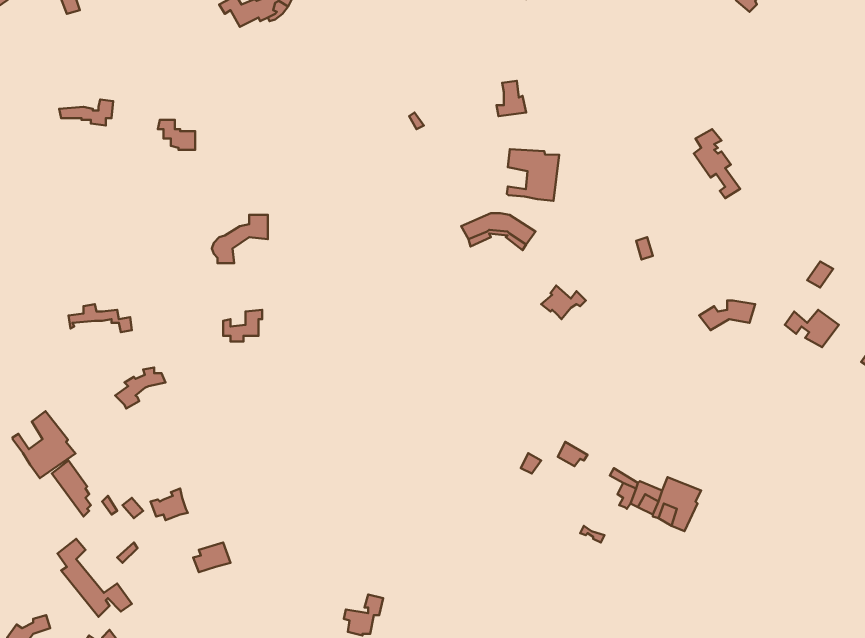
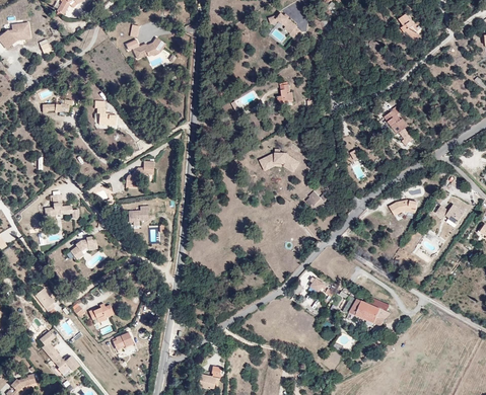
building: [507,149,559,201] -> none
building: [12,411,76,478] -> none

